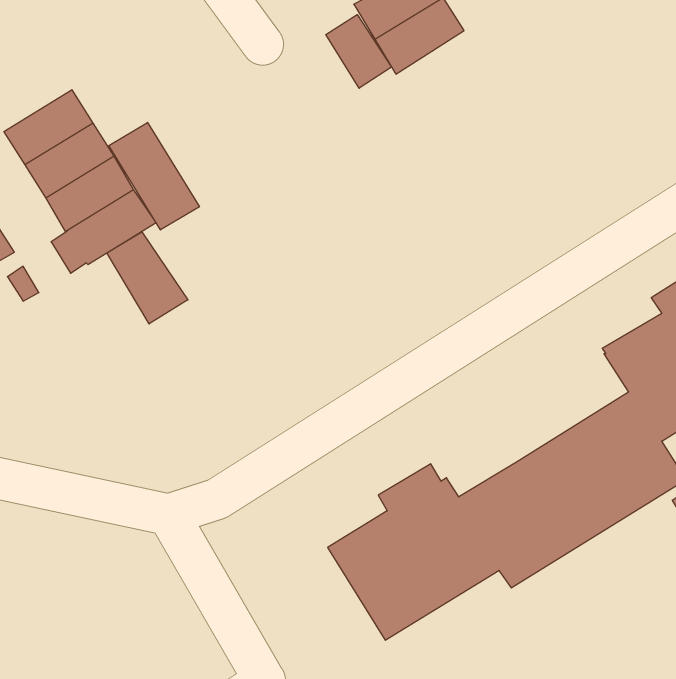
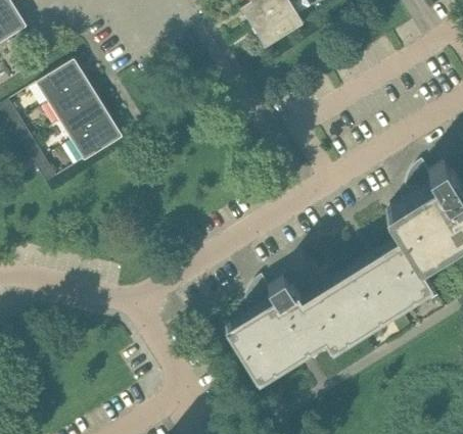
building: [326,15,392,88] -> none
building: [109,122,199,230] -> none
building: [107,232,188,324] -> none

